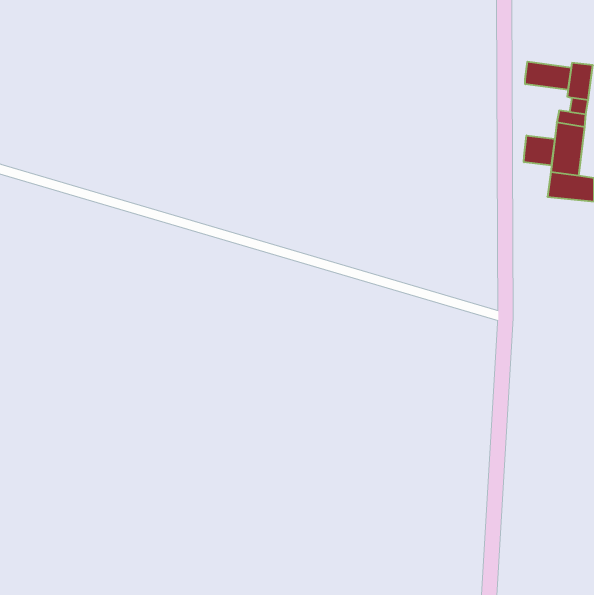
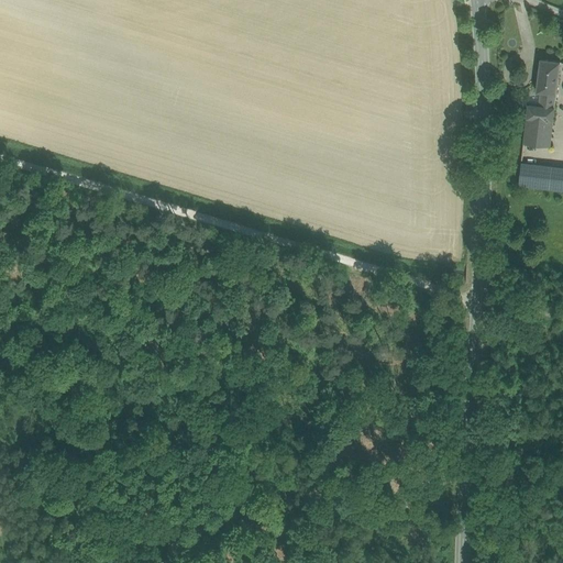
building: [525,62,571,90] -> none
building: [524,135,555,165] -> none

